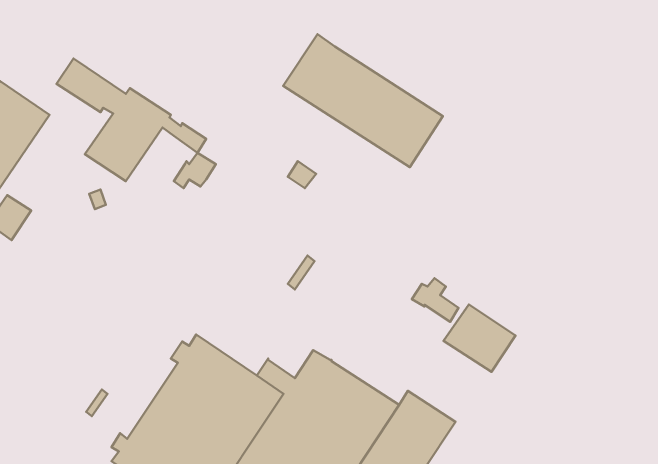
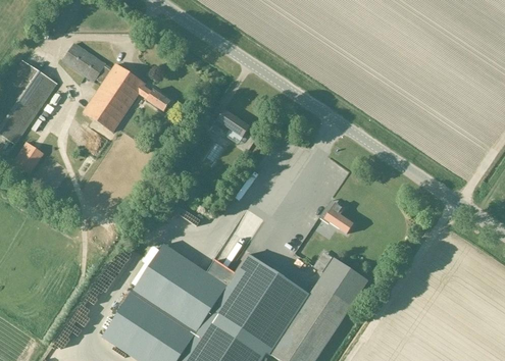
building: [283,34,443,167] -> none
building: [174,153,216,188] -> [206,109,237,135]
building: [444,304,515,372] -> [316,257,368,306]

